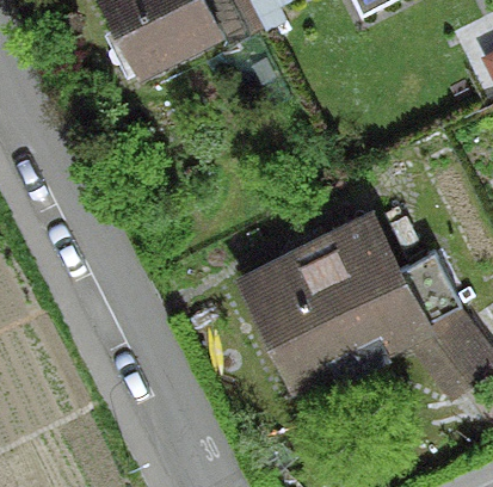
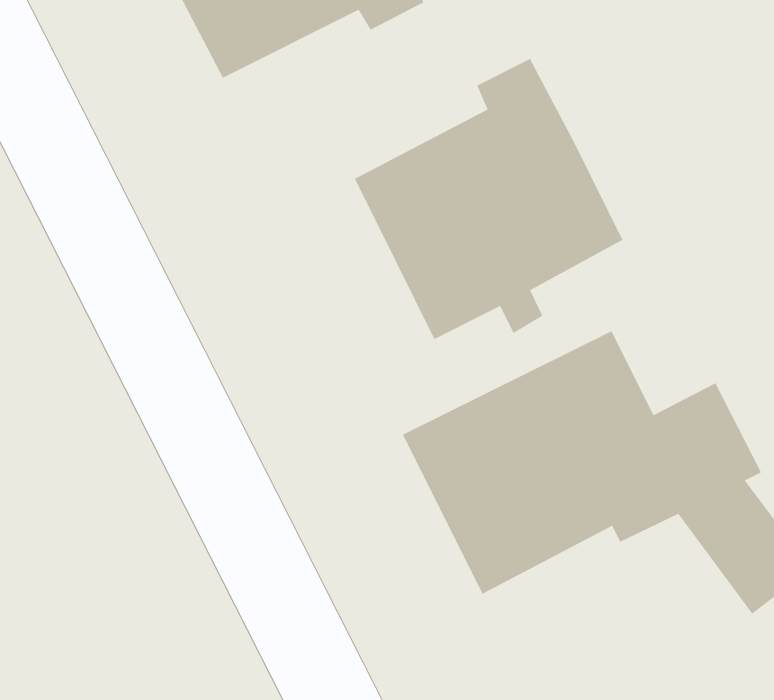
building: none -> [354,58,623,340]

